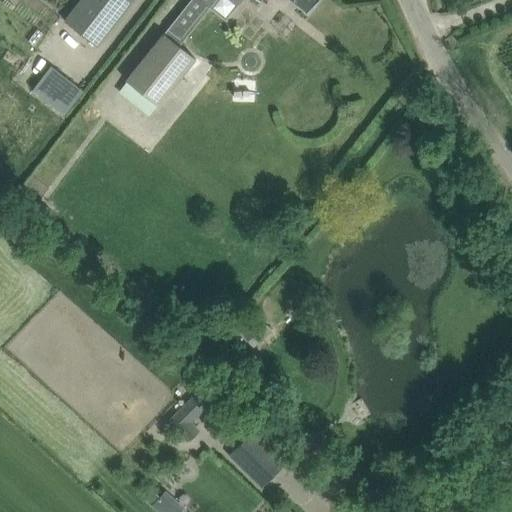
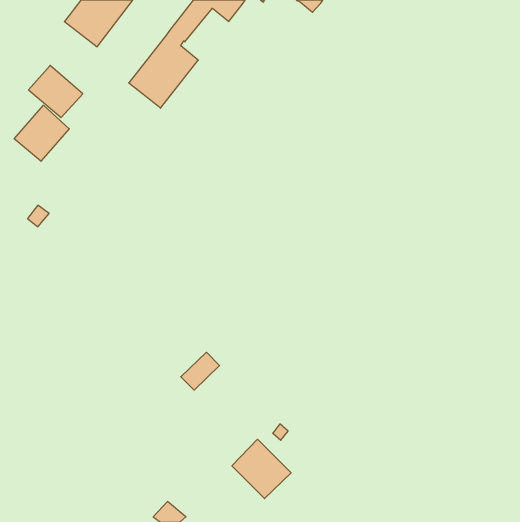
building: none -> [14,105,69,161]
building: [170,391,208,428] -> [181,352,220,390]

